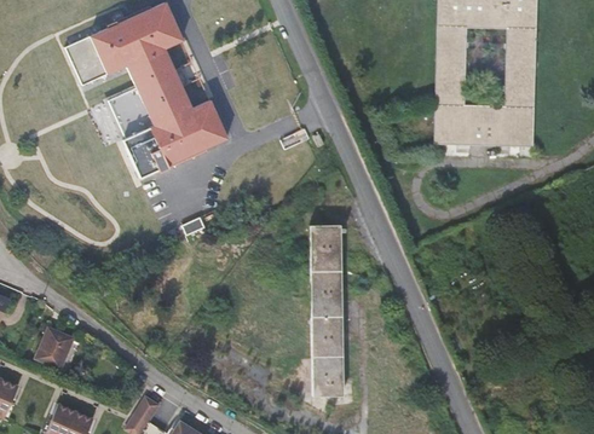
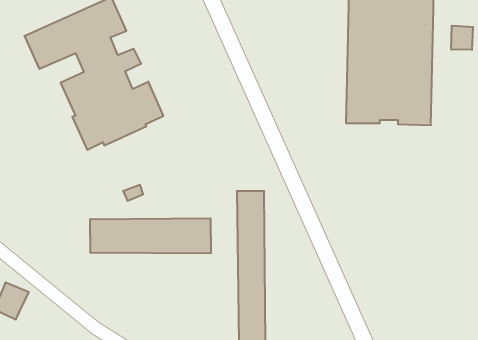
building: none -> [451,26,473,50]
building: none -> [90,218,211,253]

